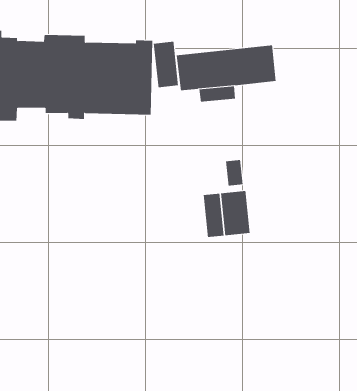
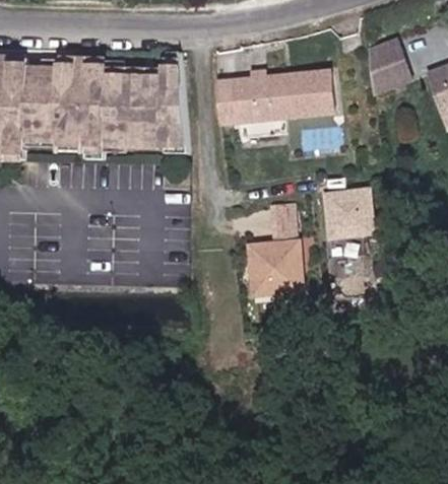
building: none -> [368,38,411,92]
building: [153,41,179,88] -> none
building: none -> [324,187,375,237]

